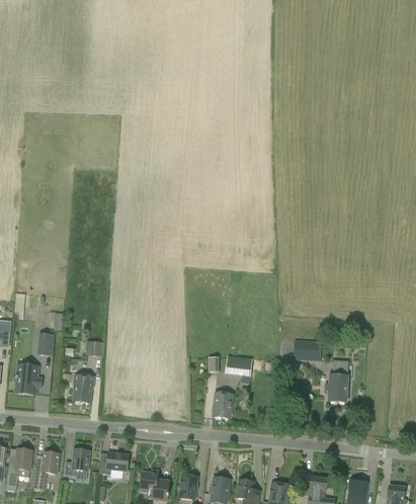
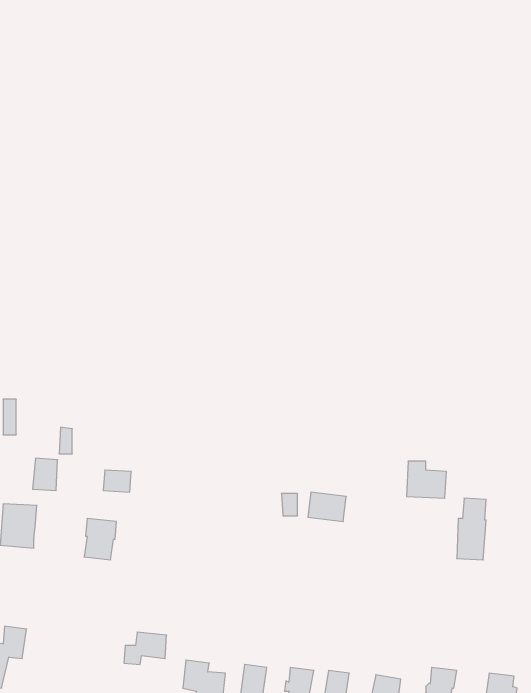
building: [212,392,234,418] -> none
building: [64,449,90,476] -> none
building: [32,451,59,490] -> none

